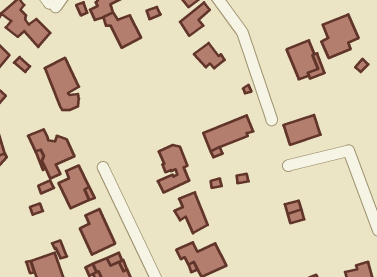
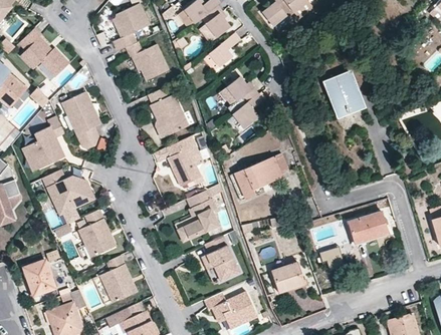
building: [321,14,358,58] -> none
building: none -> [149,87,187,133]
building: none -> [232,94,263,130]
building: none -> [23,116,66,174]
building: none -> [170,136,204,189]
building: [283,115,321,145] -> [347,212,387,244]
building: none -> [271,259,304,293]
building: none -> [26,260,56,297]

